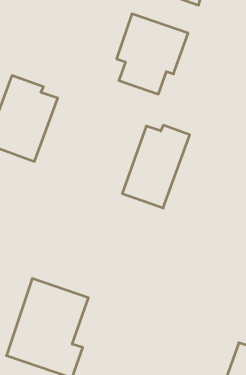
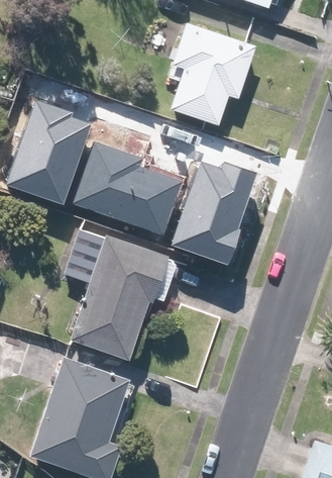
building: none -> [72,141,182,233]
building: none -> [63,231,170,358]

